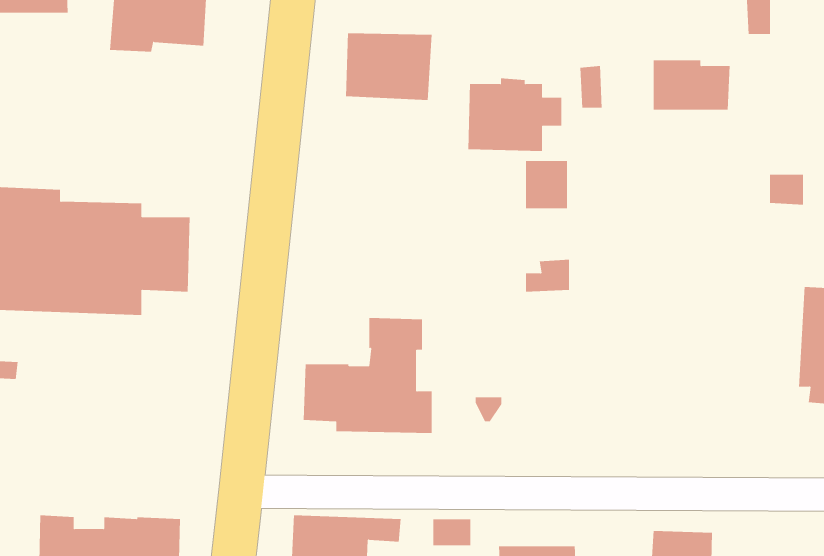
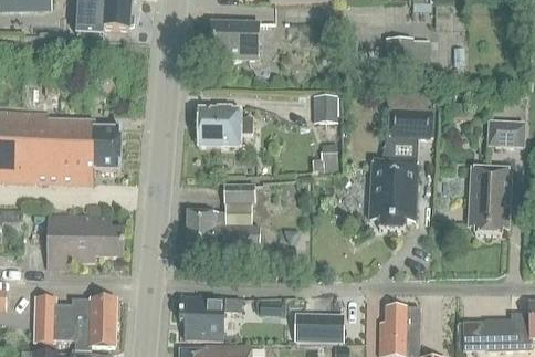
building: [467,78,562,151] -> [197,104,251,146]
building: none -> [368,108,432,229]
building: none -> [45,212,123,267]

